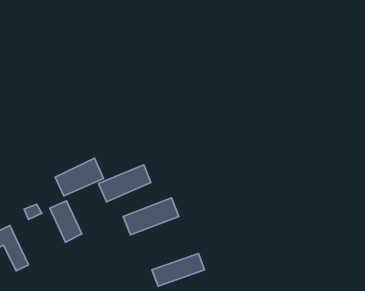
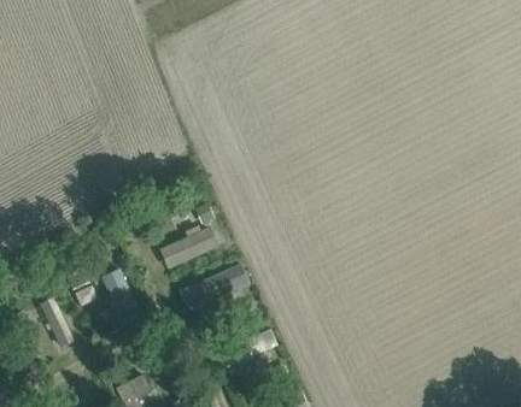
building: [55,158,104,196] -> none

